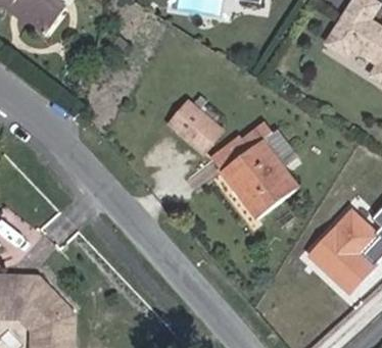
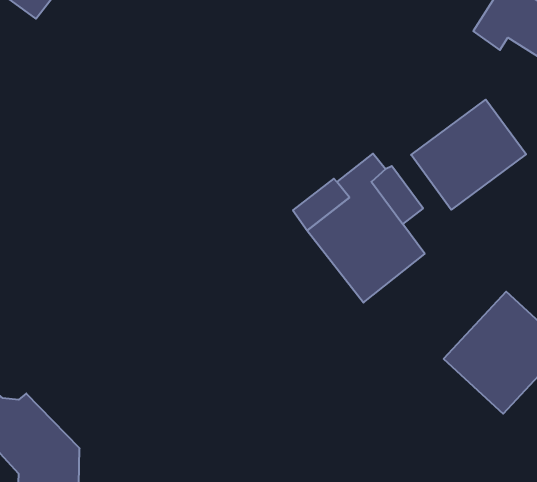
building: none -> [411,100,526,210]
building: [170,101,222,150] -> none

